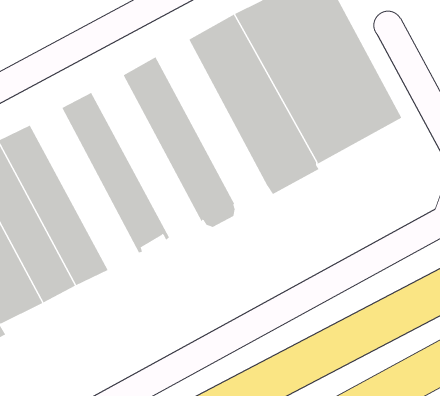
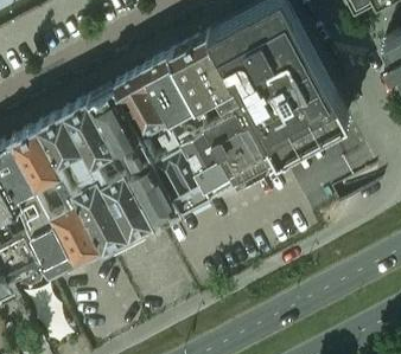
building: none -> [145,57,240,200]
building: none -> [91,86,183,224]
building: none -> [40,114,131,249]

